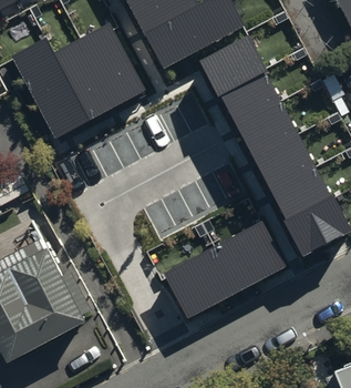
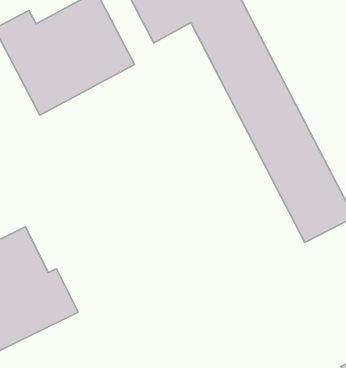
building: [164,223,283,317] -> none

